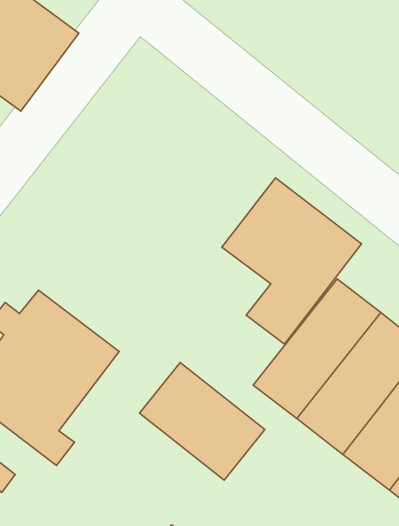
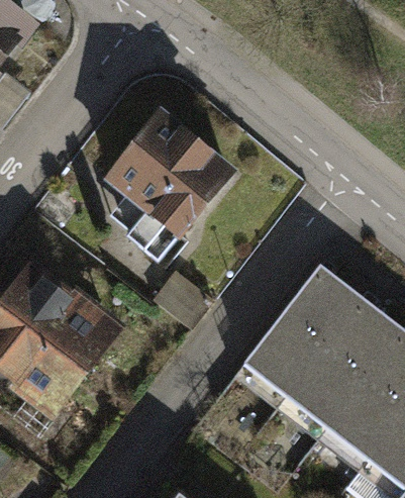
building: [222,178,361,344] -> [104,113,230,264]
building: [139,363,265,480] -> none

